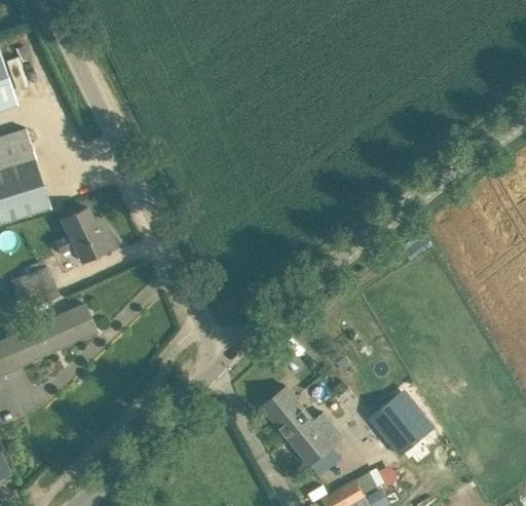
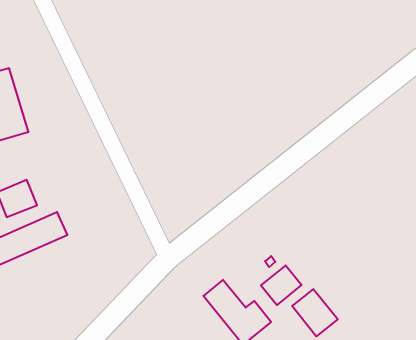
building: [54,207,115,261] -> none
building: none -> [261,265,302,305]

